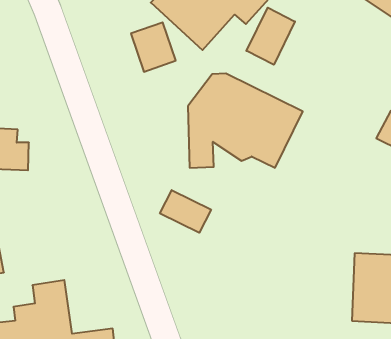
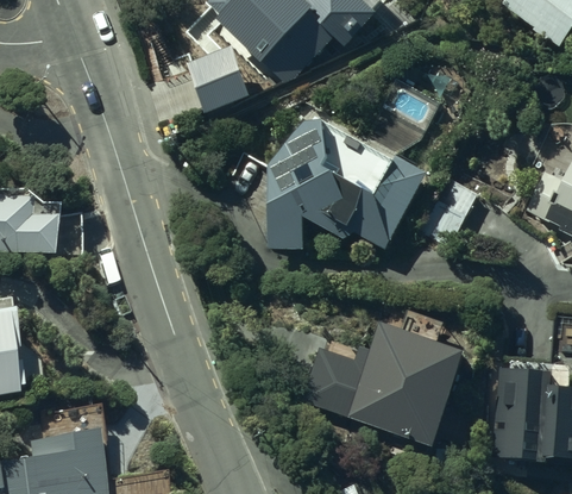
building: [246,8,295,65] -> none
building: [160,190,211,233] -> none
building: none -> [300,323,463,449]

